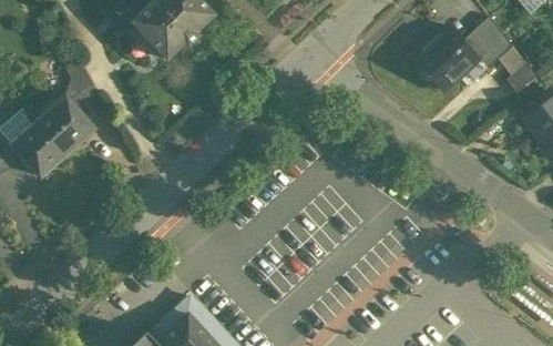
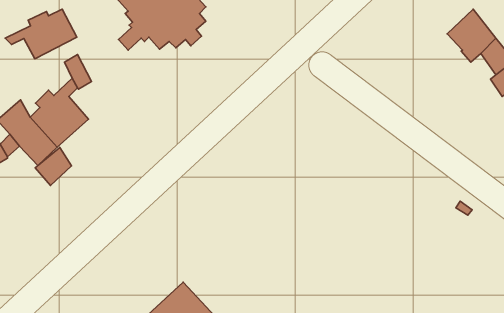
building: none -> [5,9,77,59]
building: [413,26,478,91] -> none
building: none -> [35,148,71,186]

